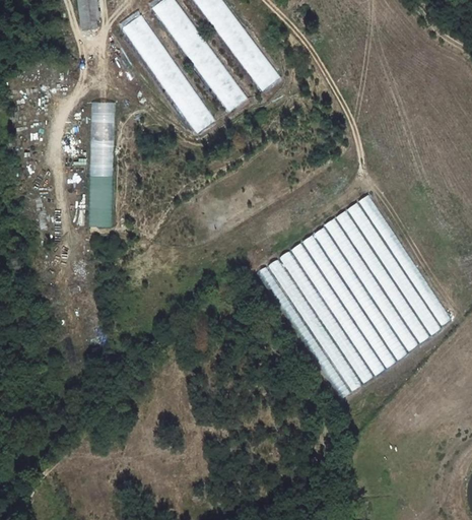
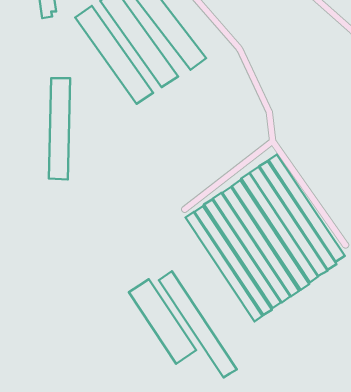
building: none -> [159,271,237,378]
building: none -> [129,279,196,364]

